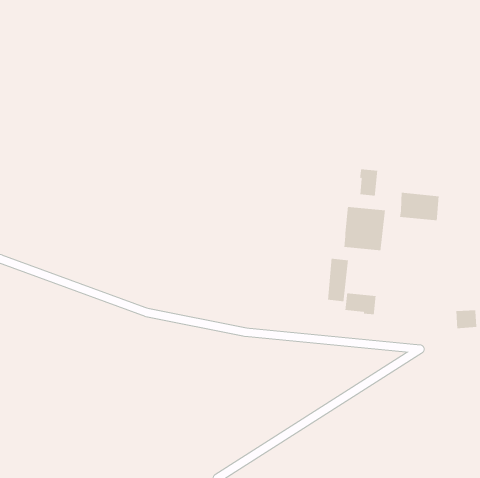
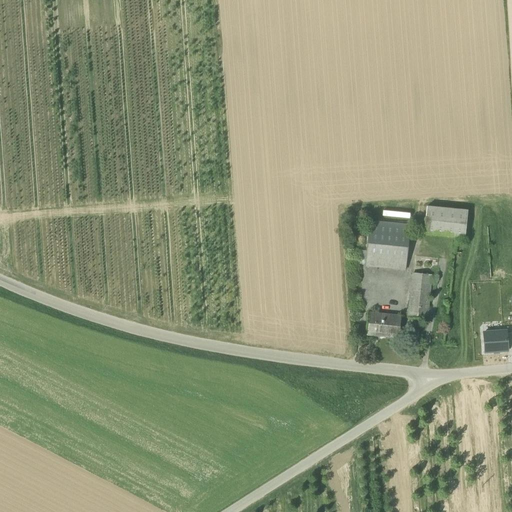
building: [359,169,378,196] -> none
building: [327,258,349,302] -> [409,270,432,317]

